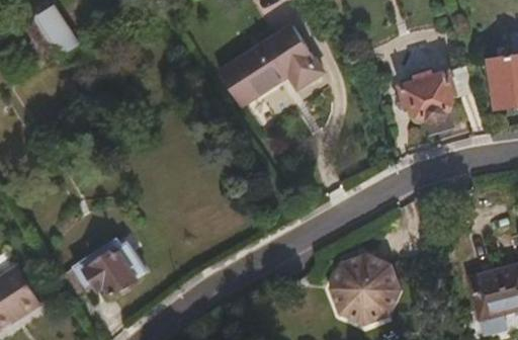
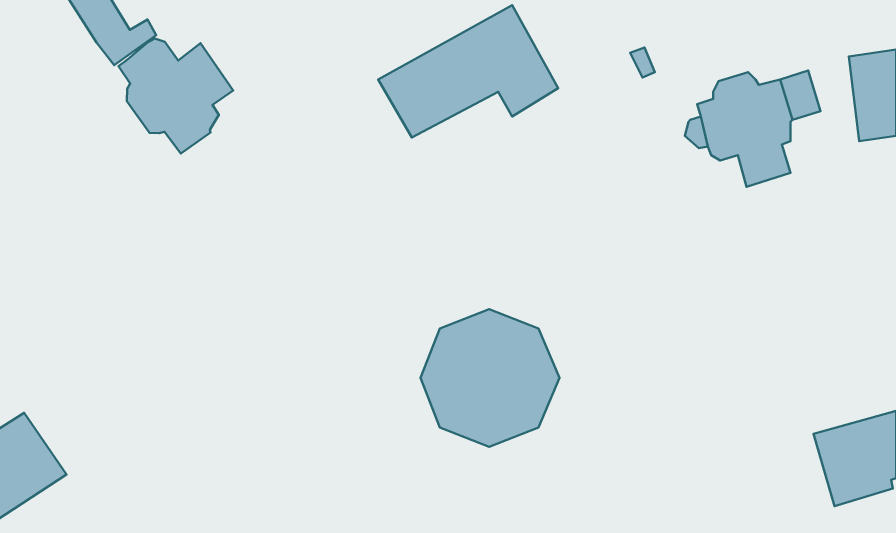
building: none -> [119,39,233,154]
building: [61,239,145,299] -> none
building: [327,249,407,328] -> [420,309,560,447]

